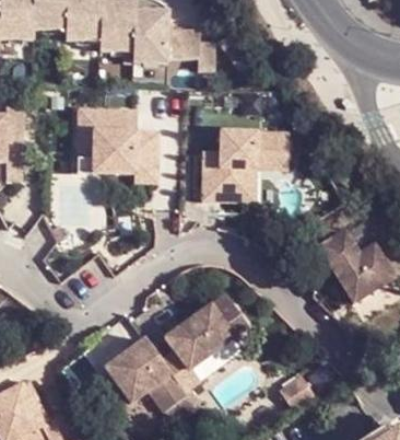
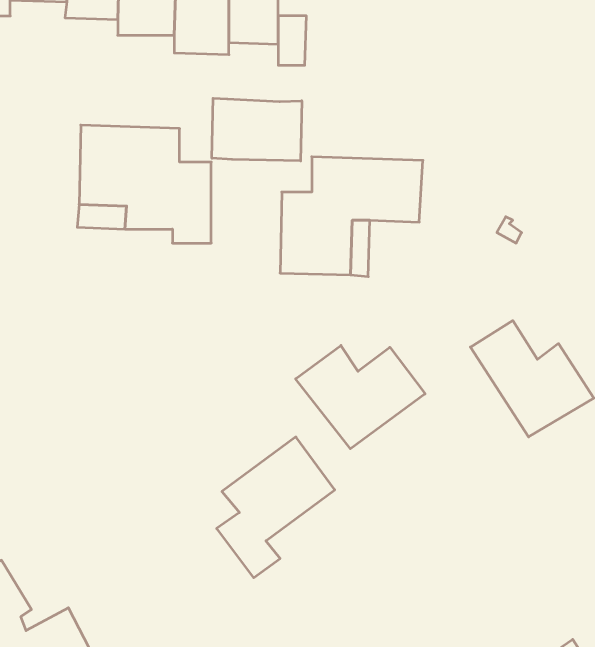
building: none -> [212,98,302,161]
building: none -> [296,345,425,449]
building: [105,337,188,409] -> none

